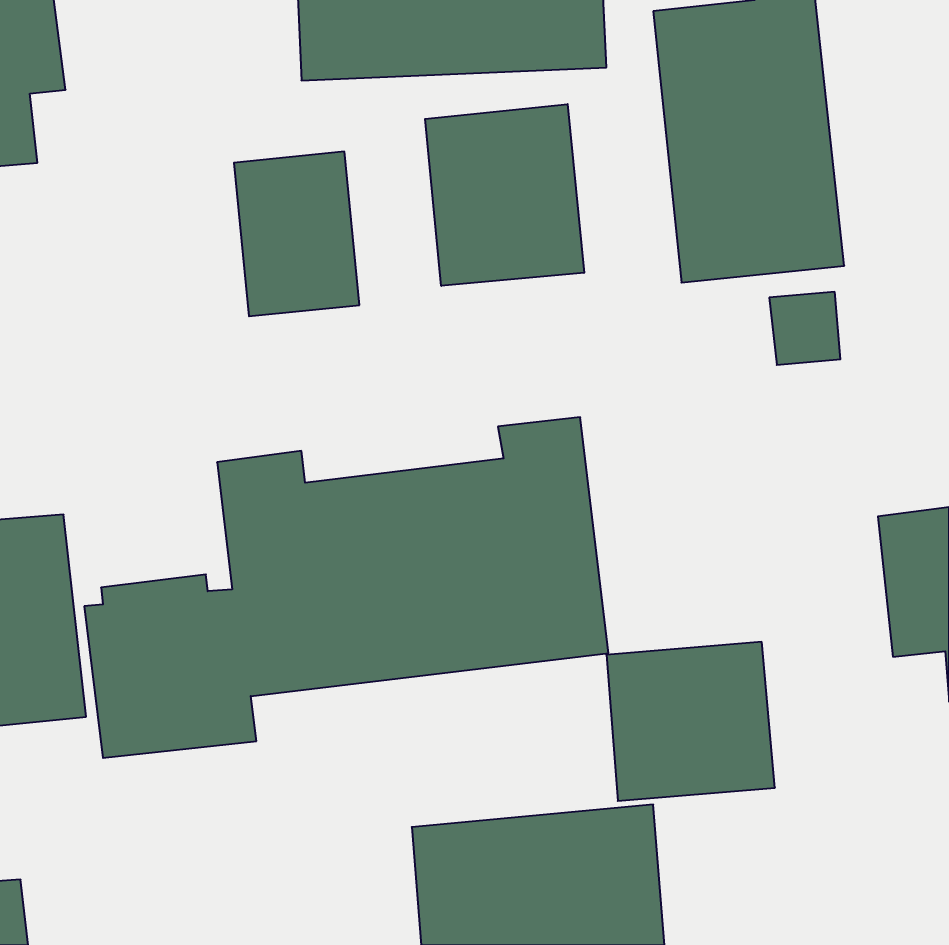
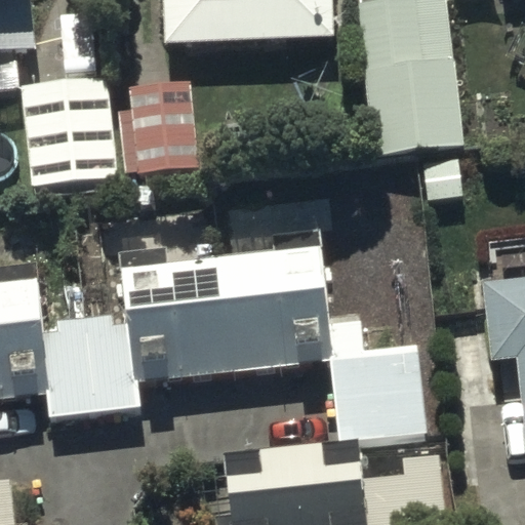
building: [425,104,584,286] -> none
building: none -> [24,79,114,185]

